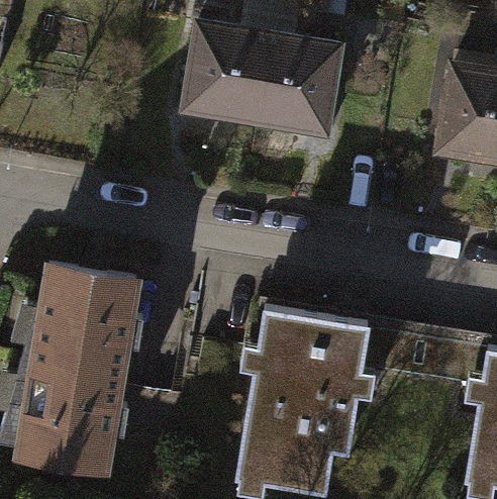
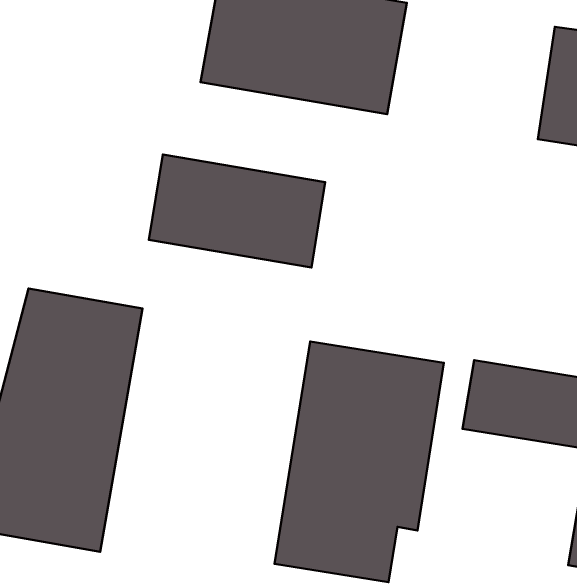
building: none -> [149,154,325,268]

